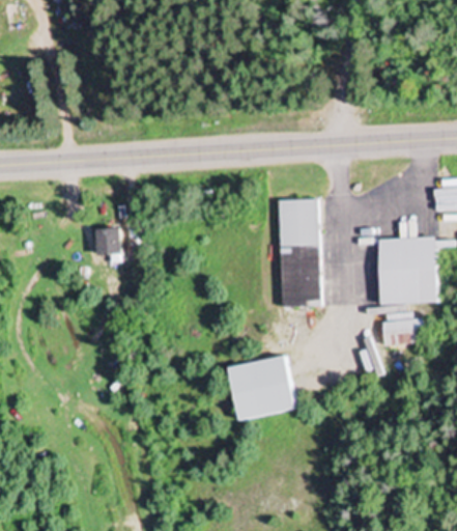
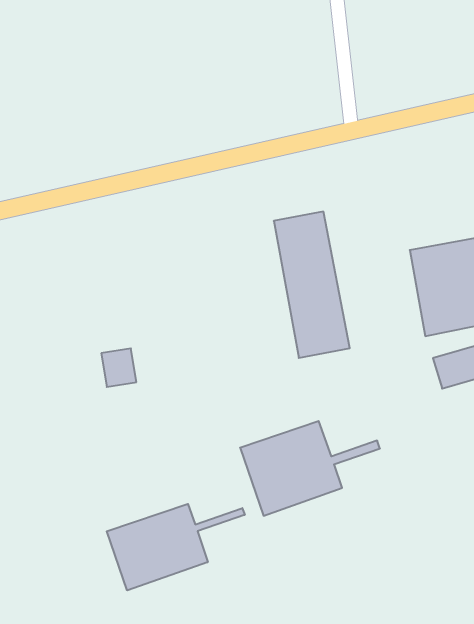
building: [95,228,118,254] -> [101,348,136,387]
building: none -> [107,504,245,590]

